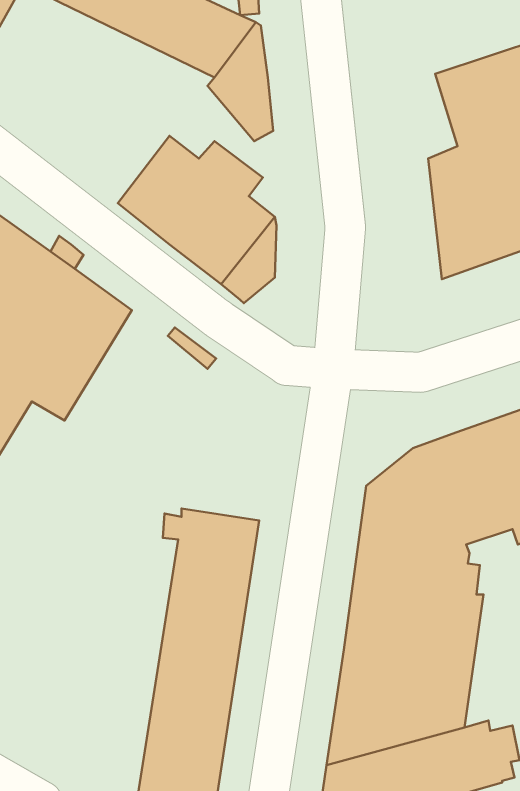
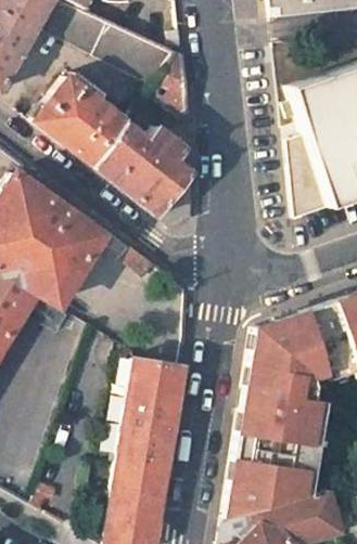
building: none -> [33,73,127,167]

